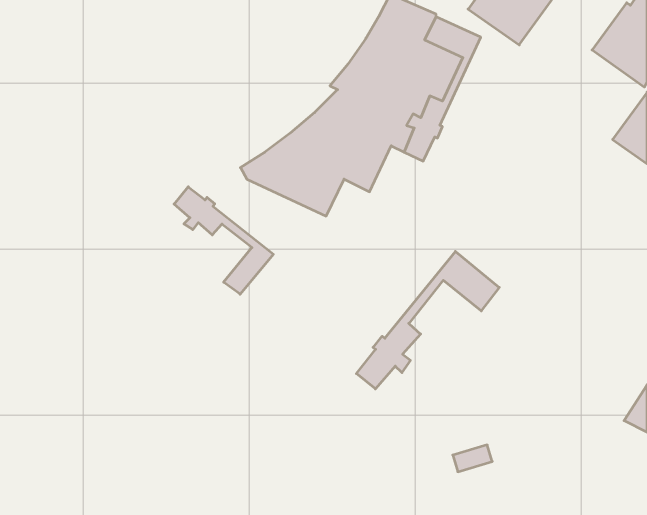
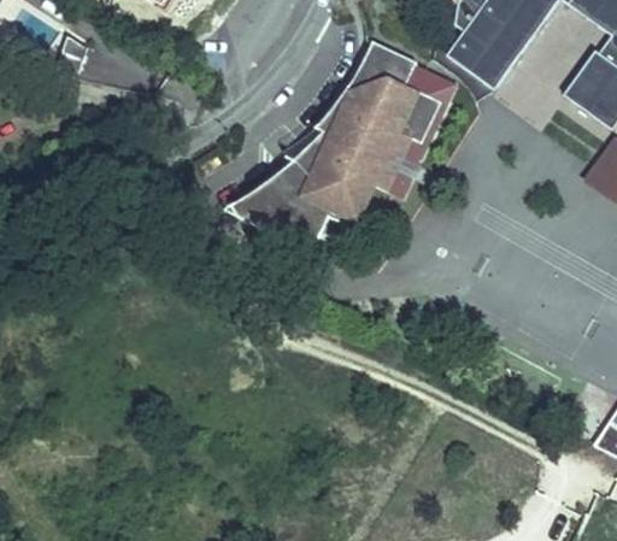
building: [174,187,273,294] -> none
building: [356,251,499,389] -> none

